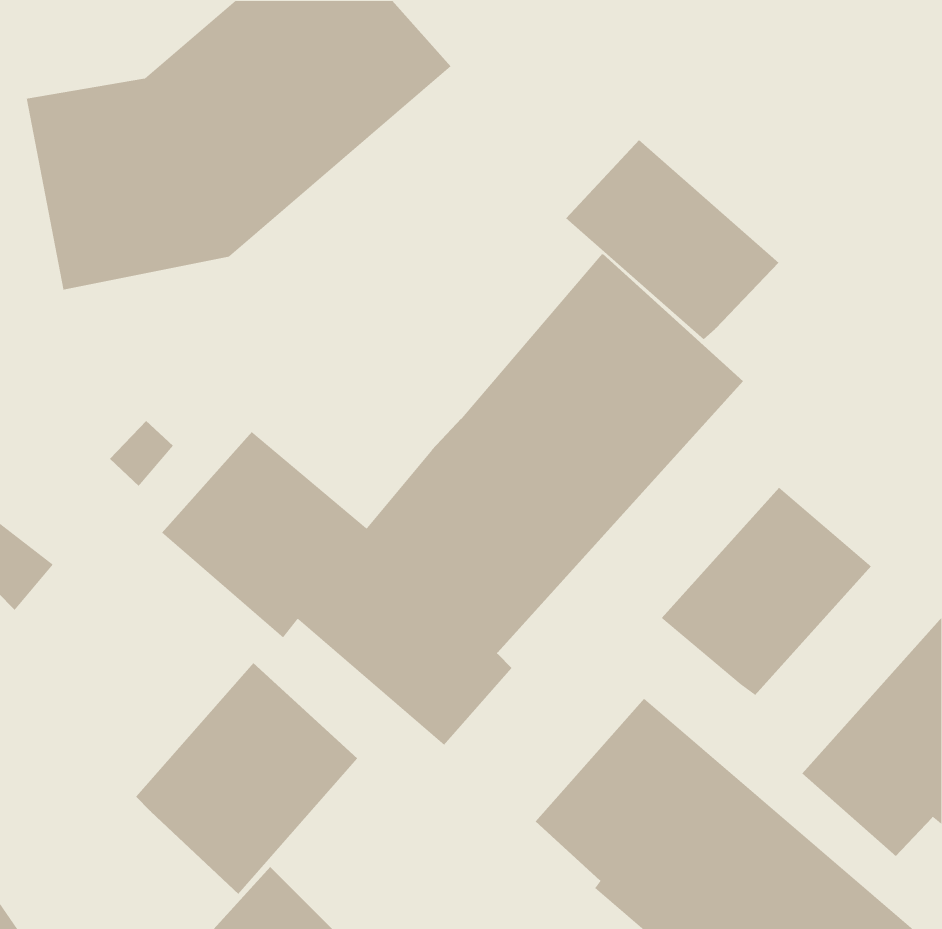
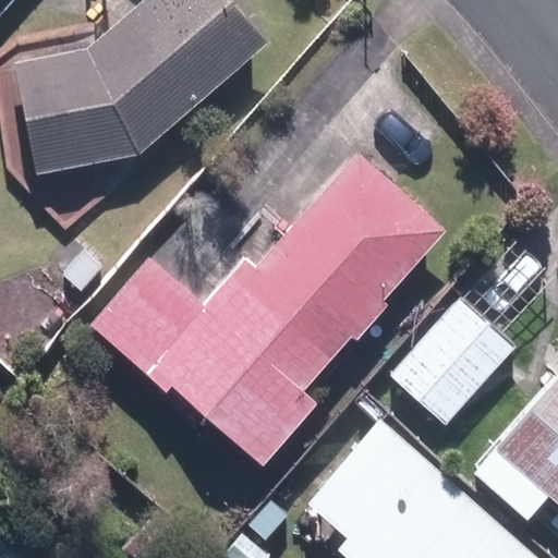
building: [565,139,780,340] -> none
building: [135,662,358,895] -> none

